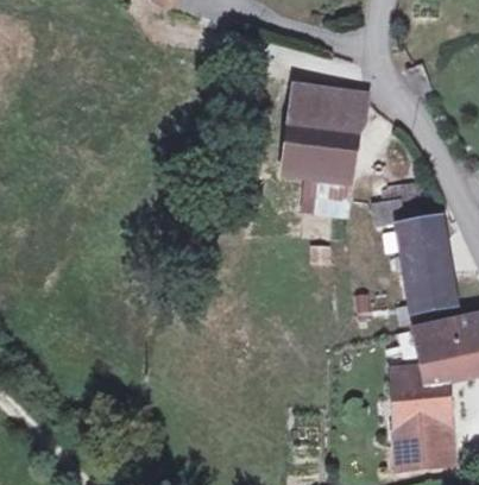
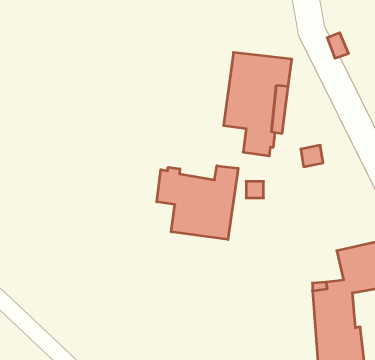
building: [401,216,455,309] -> none
building: none -> [157,166,238,240]

